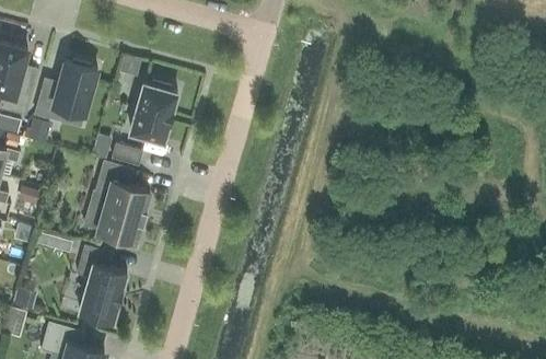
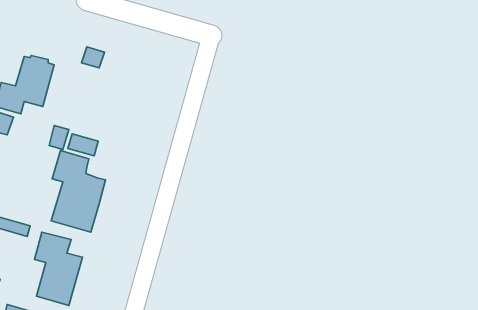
building: [130,82,178,142] -> none

